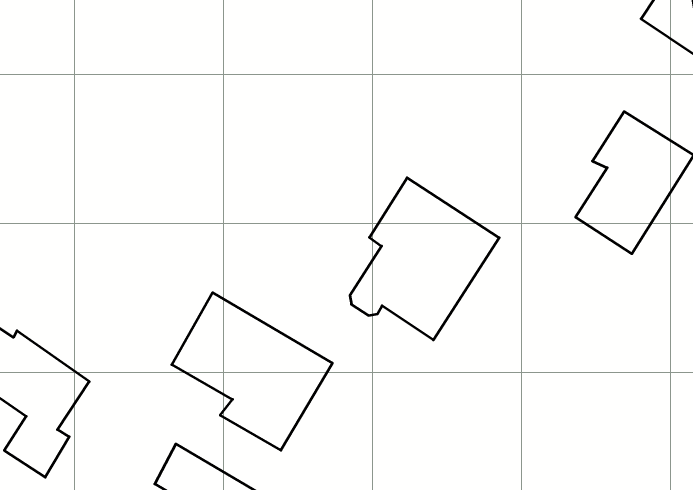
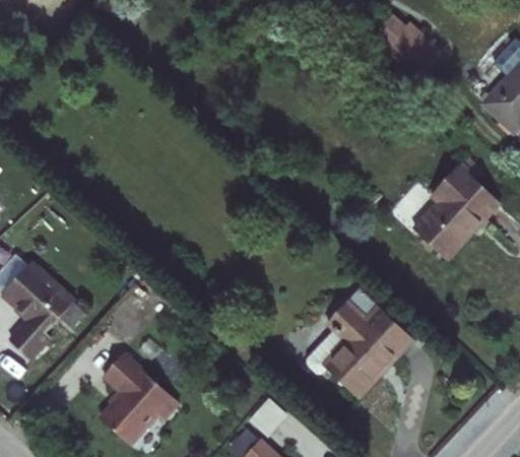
building: [350,178,499,340] -> [304,292,409,403]
building: [172,293,332,450] -> none

